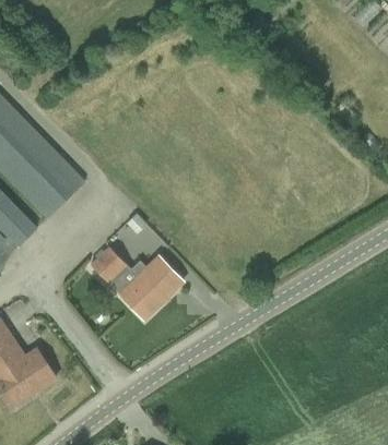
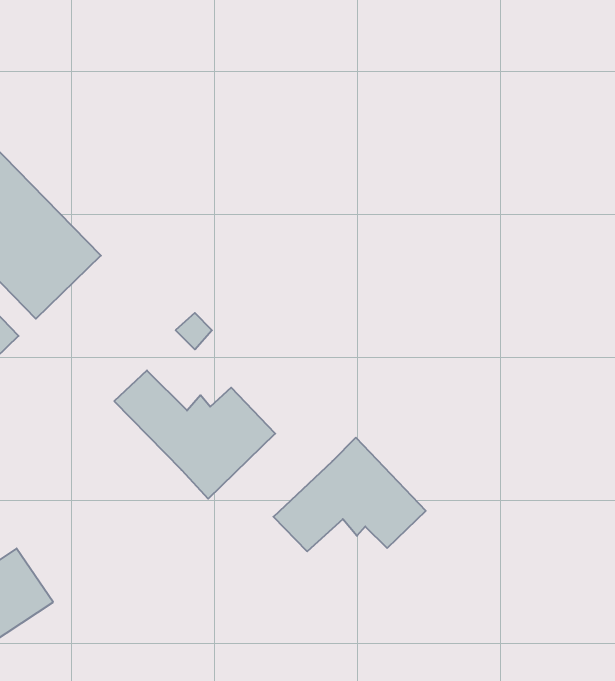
building: none -> [273,438,426,551]

